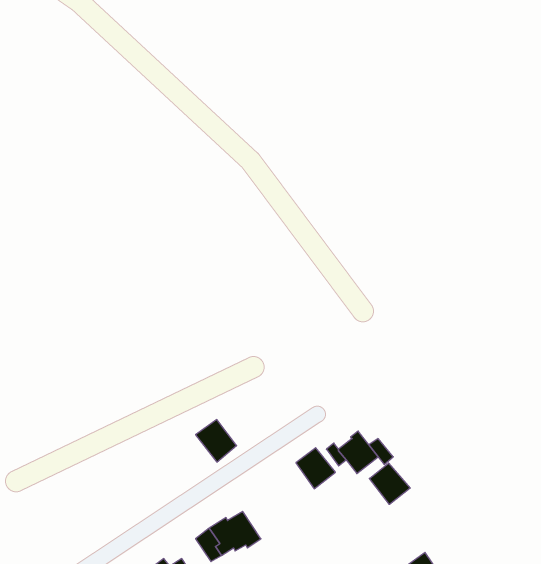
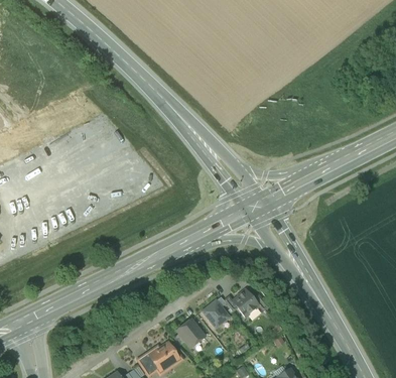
building: [196,420,237,462] -> [176,320,204,348]
building: [369,463,410,504] -> none

